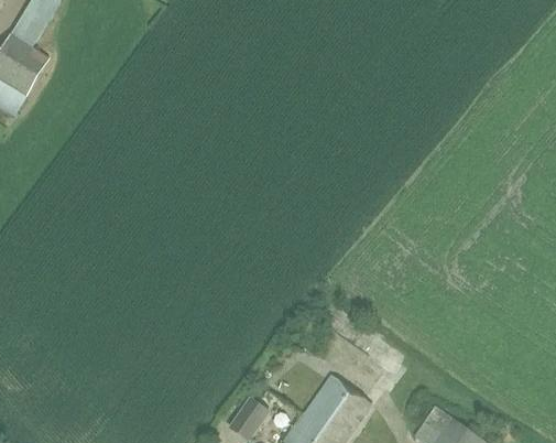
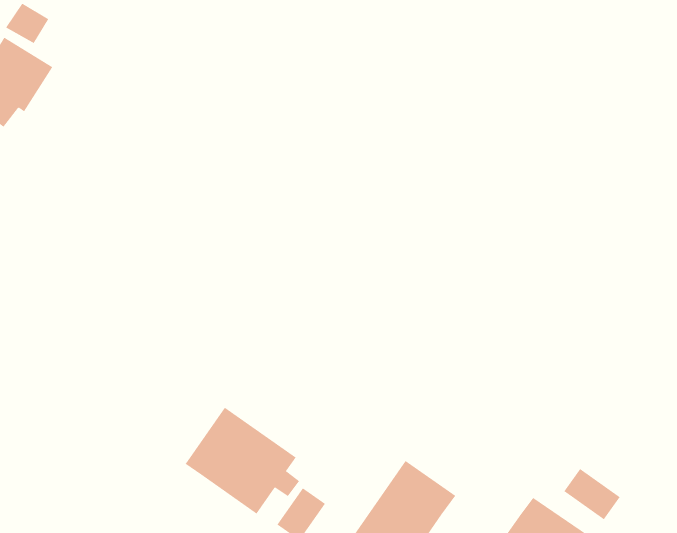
building: none -> [185,407,300,515]
building: none -> [563,468,620,520]

